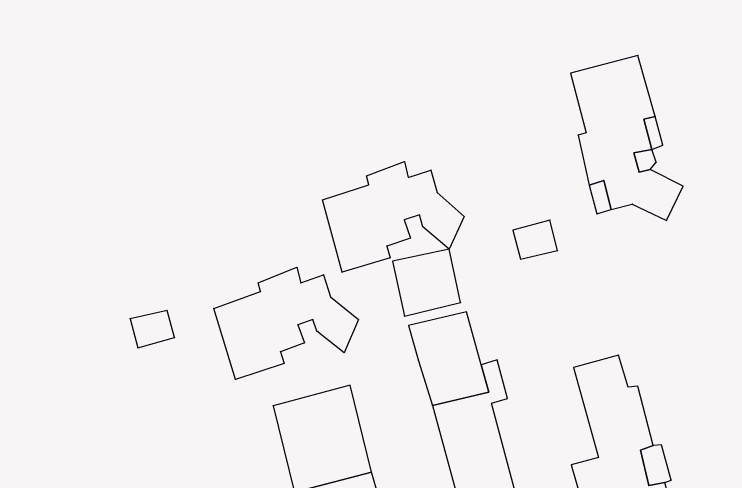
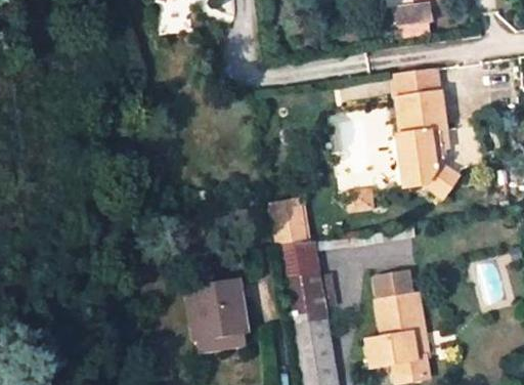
building: none -> [391,69,436,99]
building: [322,162,464,272] -> none
building: [214,267,359,379] -> none

